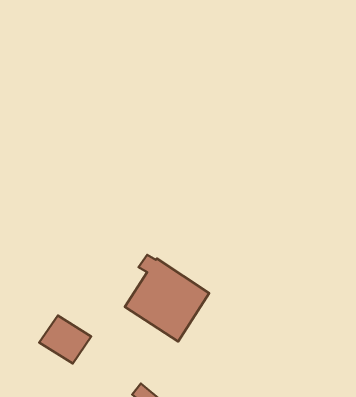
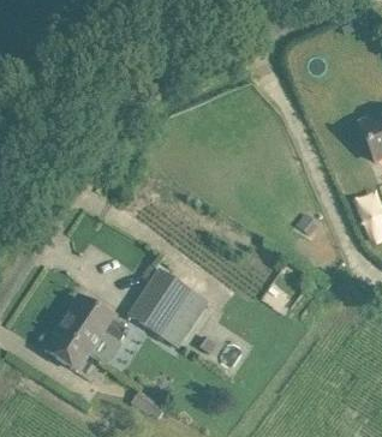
building: none -> [62,299,129,342]

